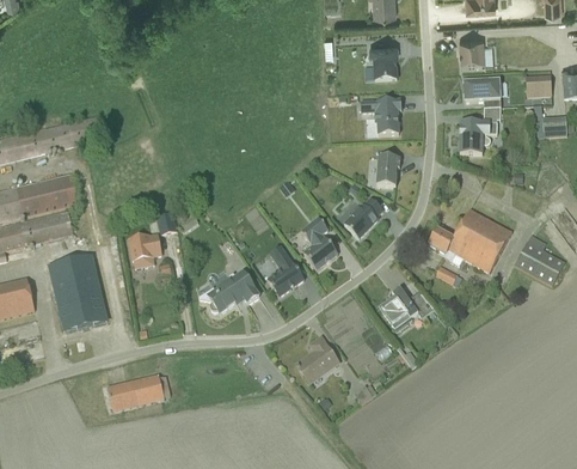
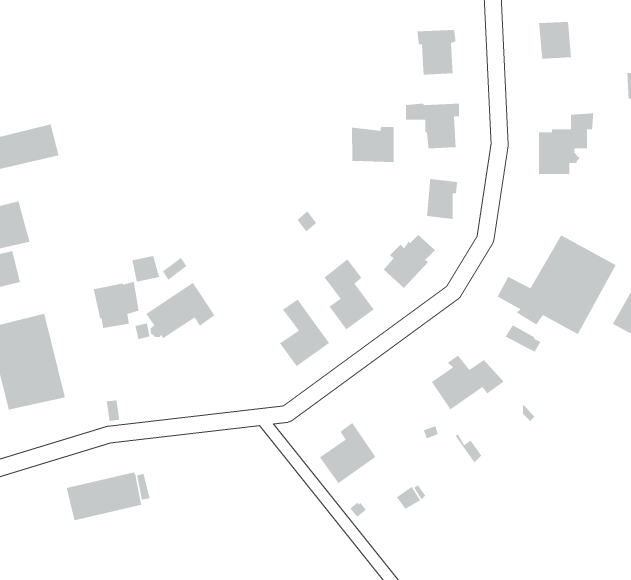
building: [461,80,501,108] -> none
building: none -> [351,126,395,163]
building: [205,270,258,313] -> [145,282,215,340]

